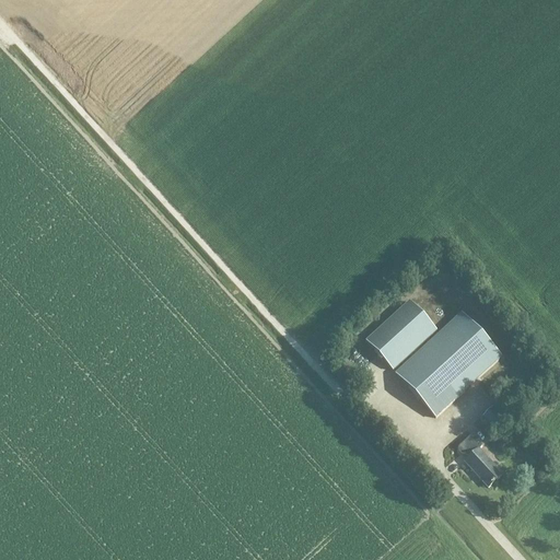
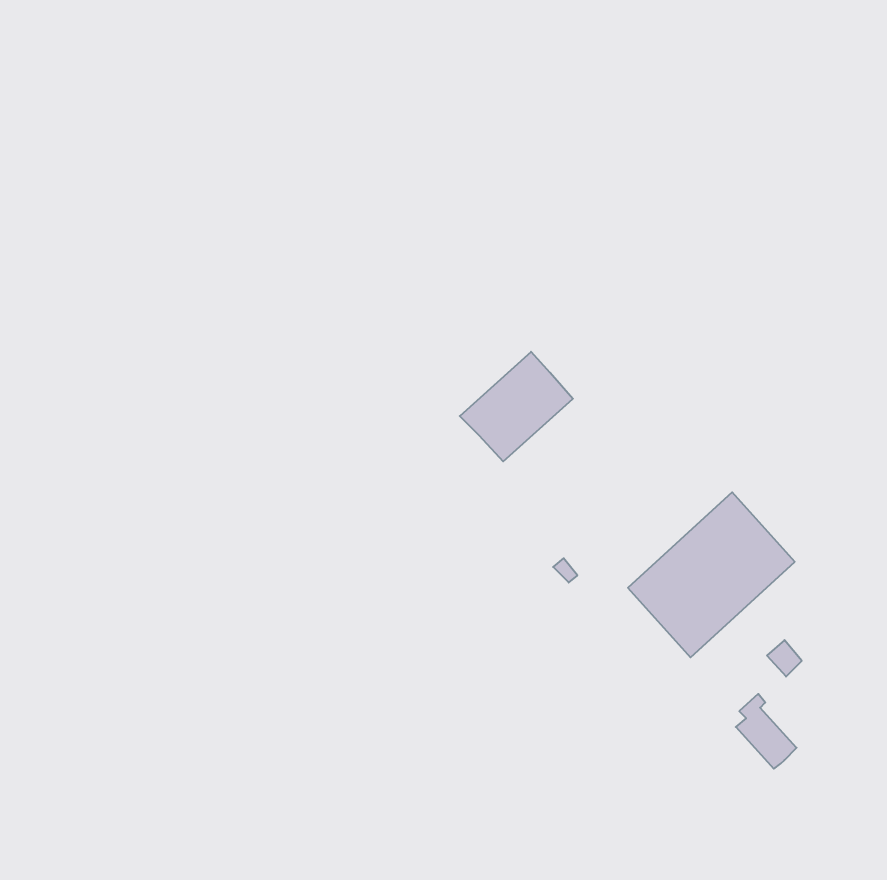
building: [366,298,438,366] -> [460,352,573,461]

